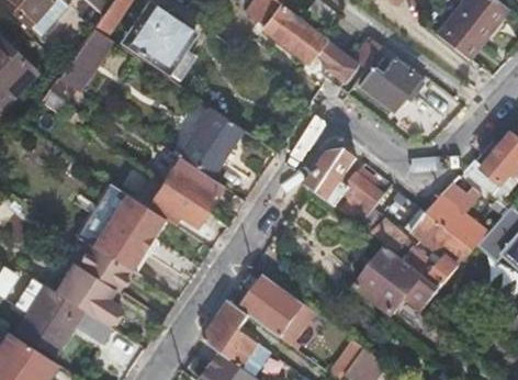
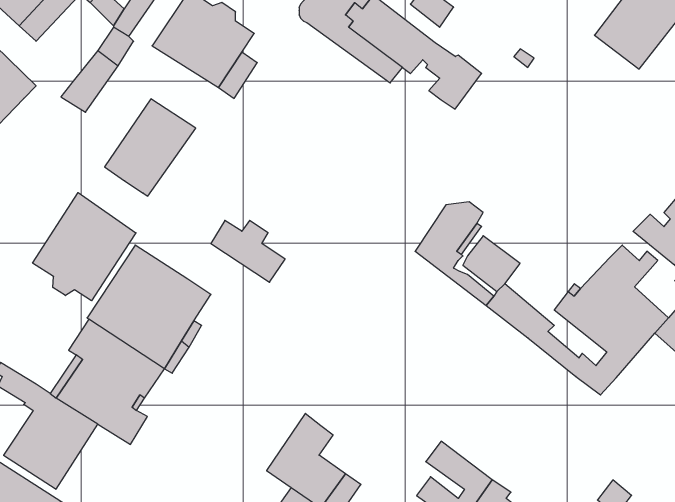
building: [360,57,423,109] -> none
building: [178,107,243,176] -> [105,99,196,196]
building: none -> [33,193,136,301]
building: [148,181,206,224] -> none
building: [359,248,441,315] -> none
building: [243,277,305,343] -> none

